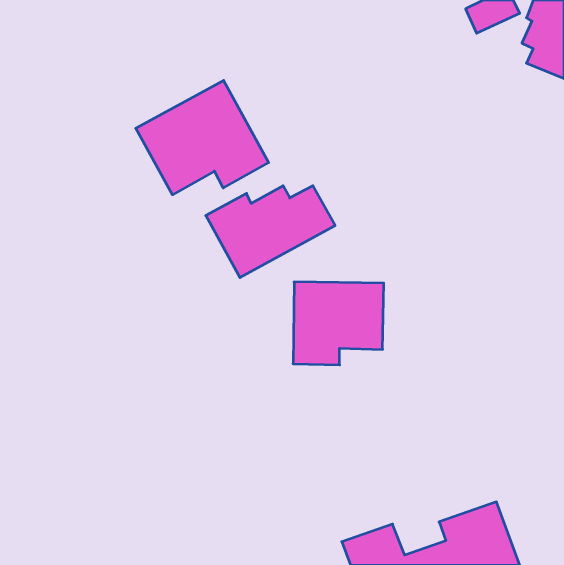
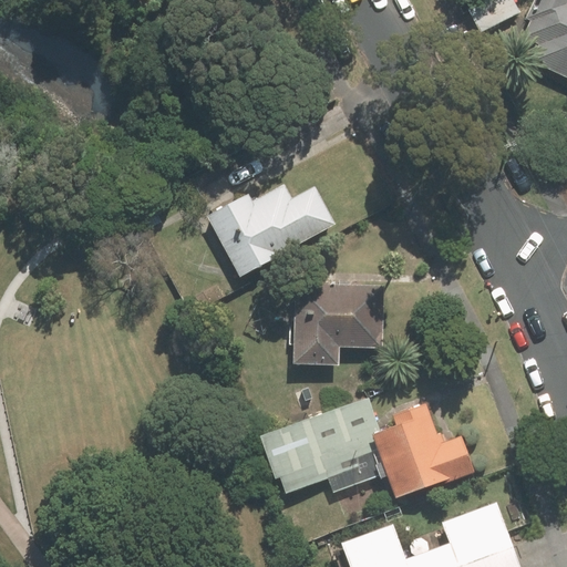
building: [136,80,269,195] -> none
building: none -> [260,396,475,499]

